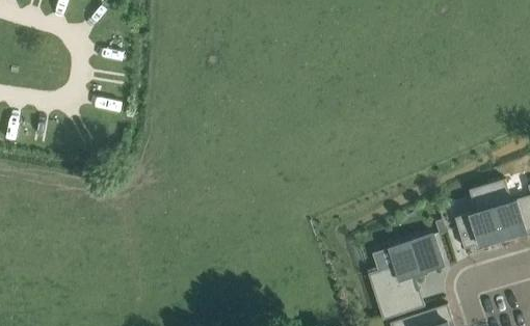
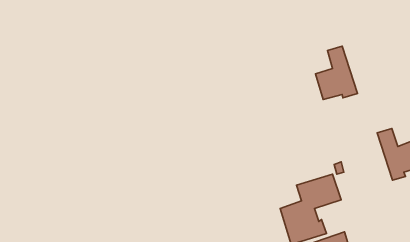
building: [453,185,504,249] -> [315,46,358,100]

